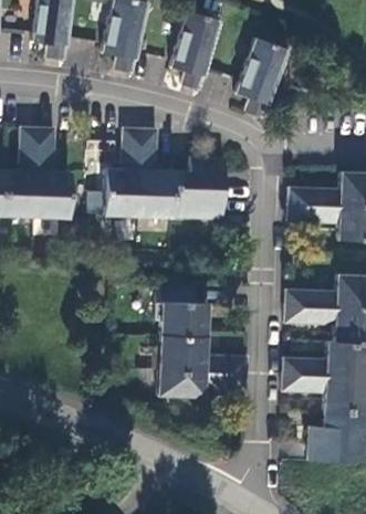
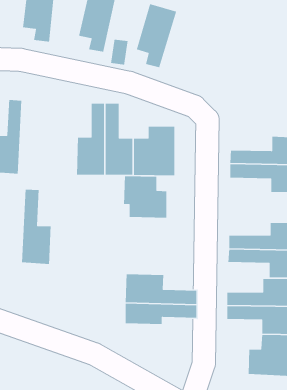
building: [239,38,292,117] -> none
building: [32,127,69,219] -> [21,189,52,265]
building: [155,285,208,337] -> [123,175,167,218]

